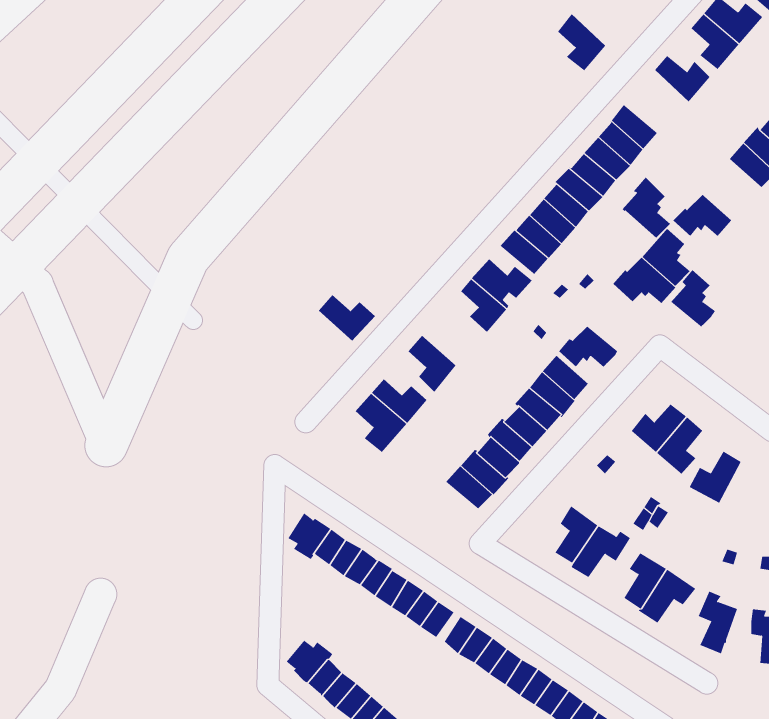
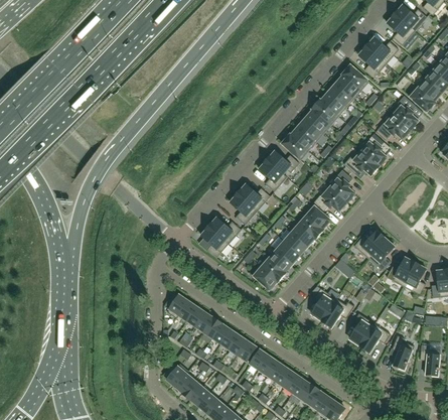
building: [557,13,606,71] -> [358,45,386,78]
building: [622,177,671,238] -> [391,95,418,129]
building: [670,269,716,327] -> [329,169,354,201]
building: [318,294,376,341] -> [238,183,270,209]
building: none -> [403,263,426,294]

